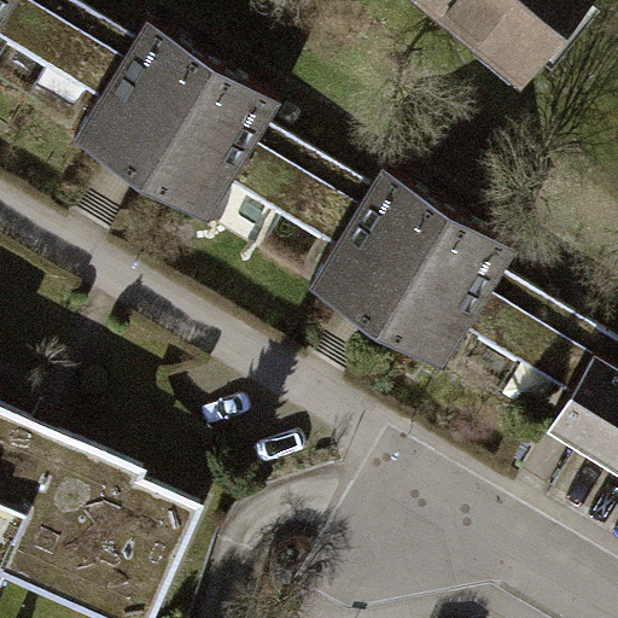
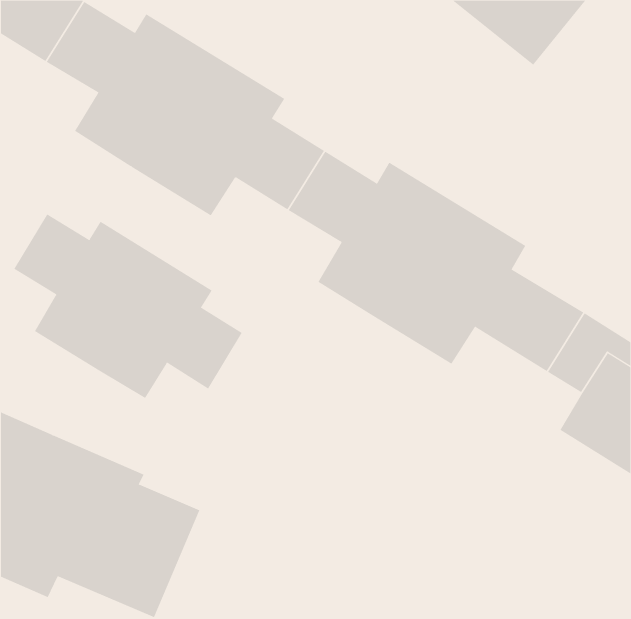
building: none -> [14,214,242,399]

